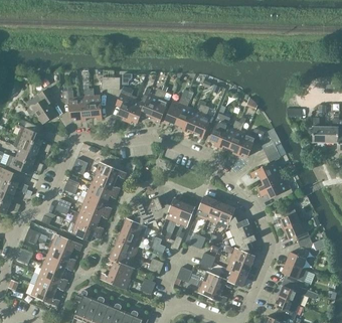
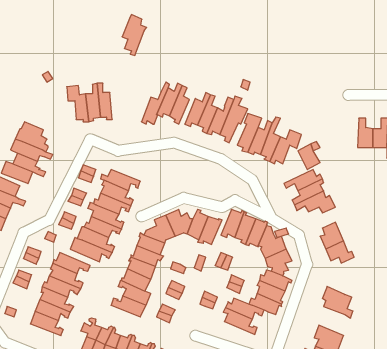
building: [115,86,136,121] -> [122,15,147,55]
building: [31,88,55,124] -> none
building: [286,237,312,270] -> none
building: [279,280,306,305] -> none

